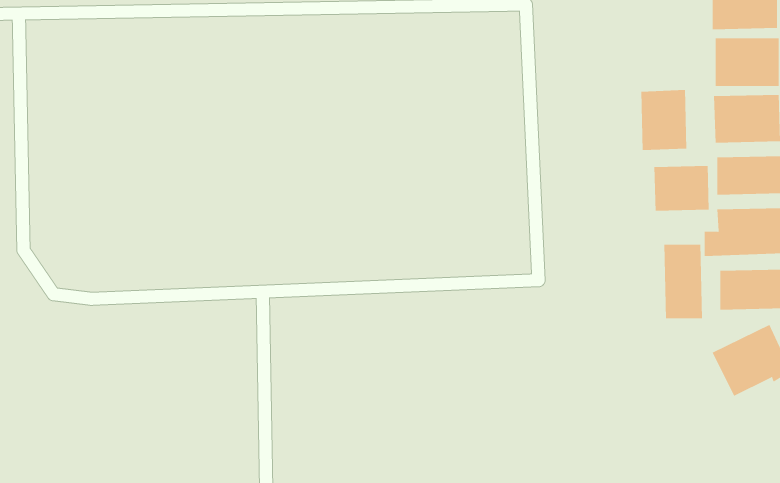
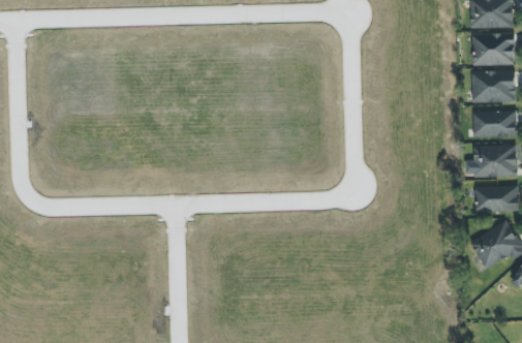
building: [641,89,687,151] -> none
building: [654,165,709,212] -> none
building: [664,244,703,319] -> none

